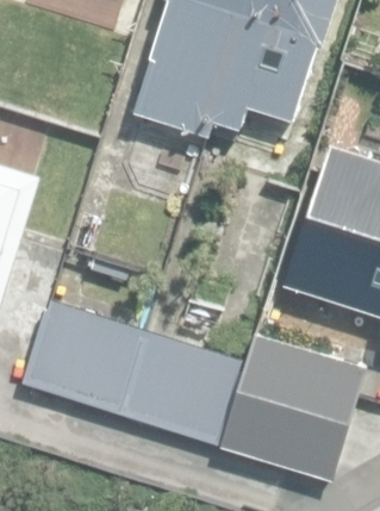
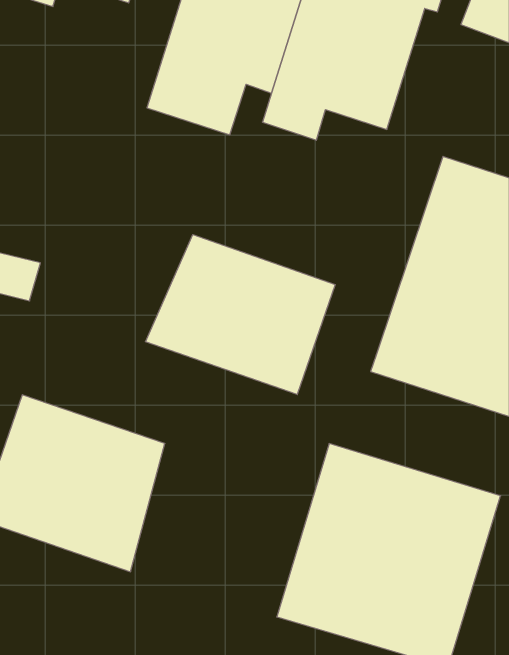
building: none -> [146,235,335,395]
building: [122,330,239,445] -> none

